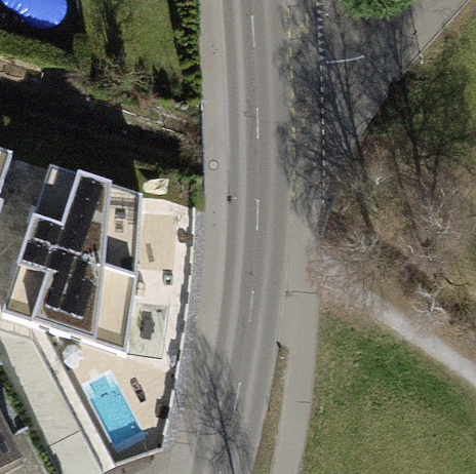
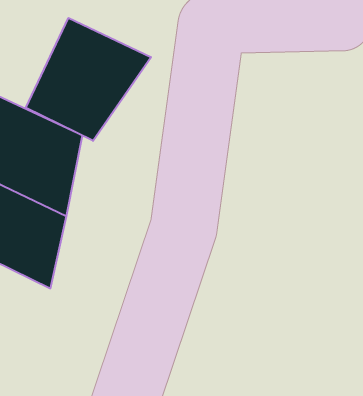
building: none -> [26,18,151,141]

